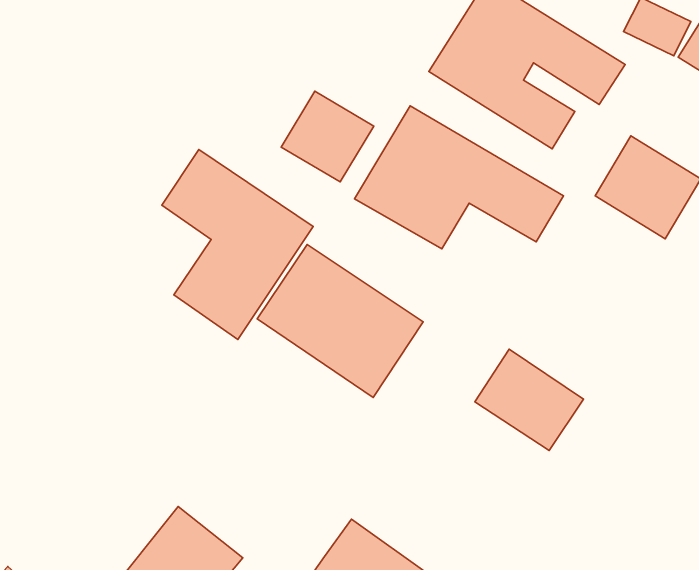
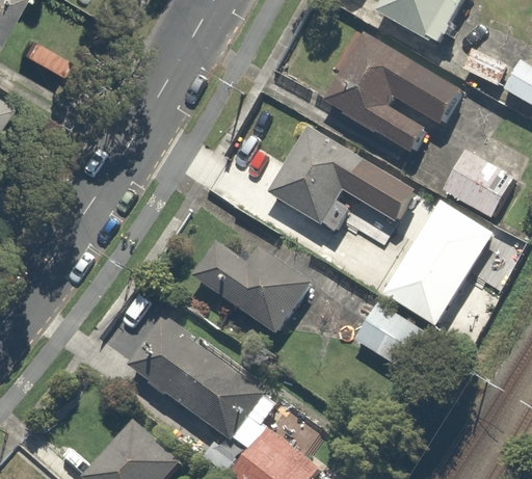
building: [281,91,374,182] -> none
building: [162,150,313,339] -> none
building: none -> [381,198,493,323]
building: none -> [118,318,280,454]

